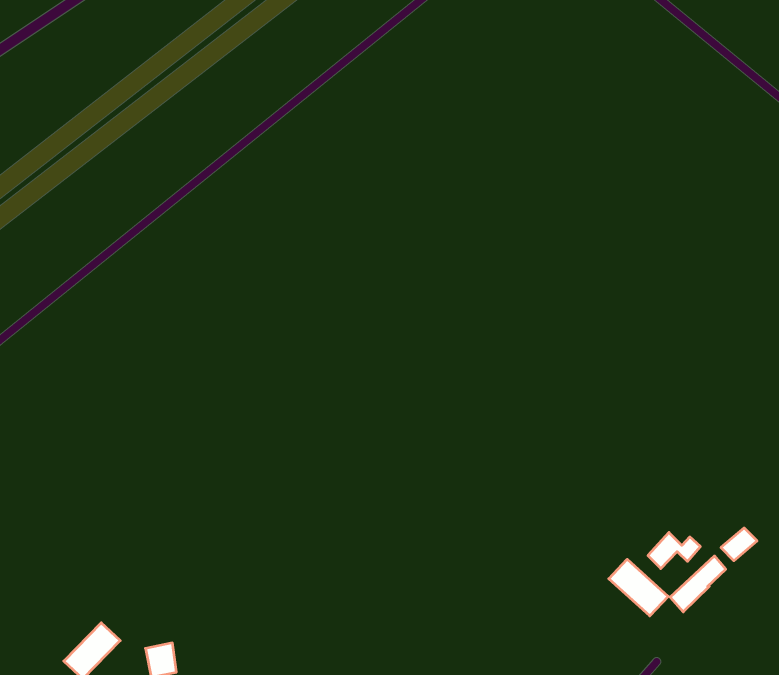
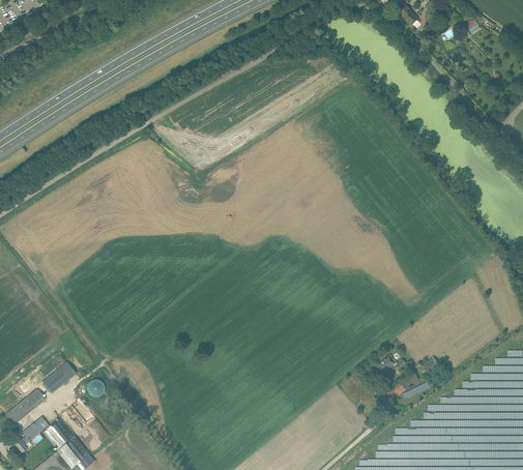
building: [609,559,668,616] -> none

